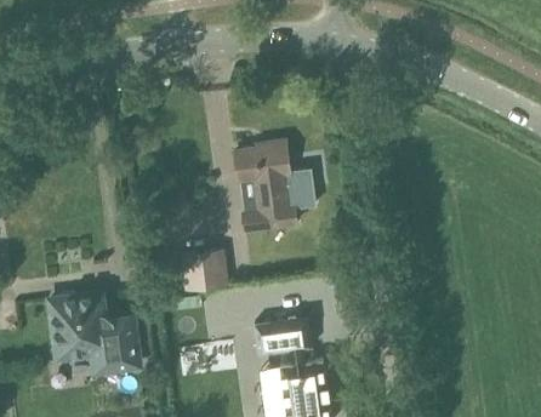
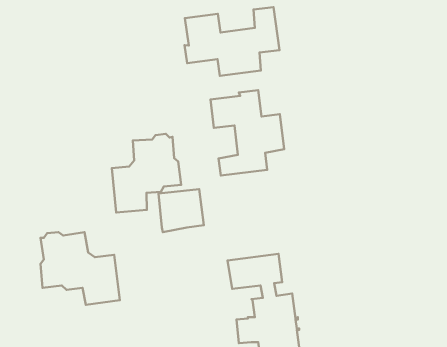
building: none -> [185,7,279,76]
building: none -> [112,134,181,212]

